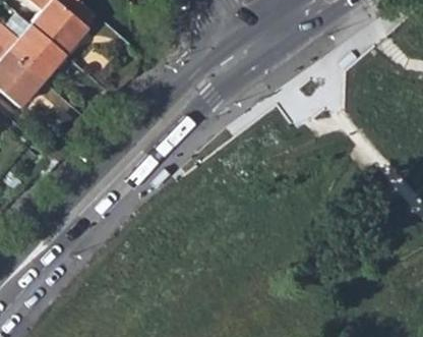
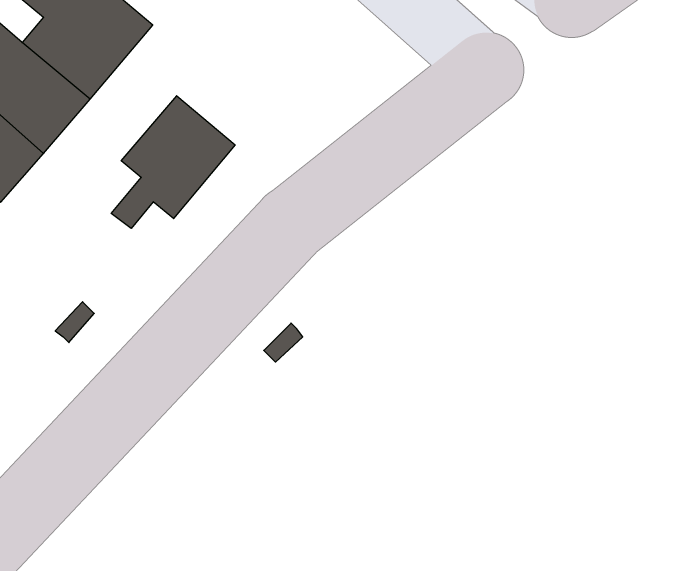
building: none -> [111,96,235,228]

